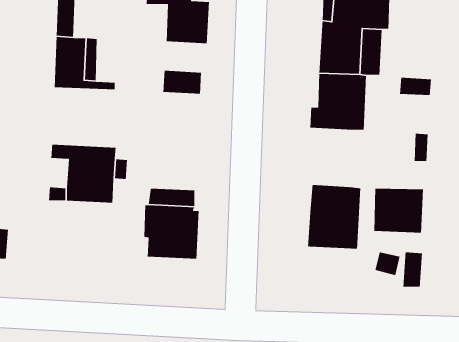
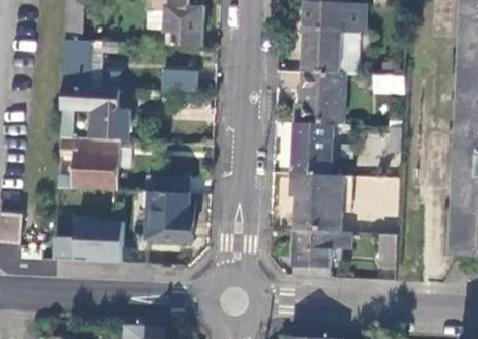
building: none -> [60,86,129,139]
building: none -> [292,122,334,175]
building: none -> [54,220,122,262]
building: none -> [291,230,351,277]

